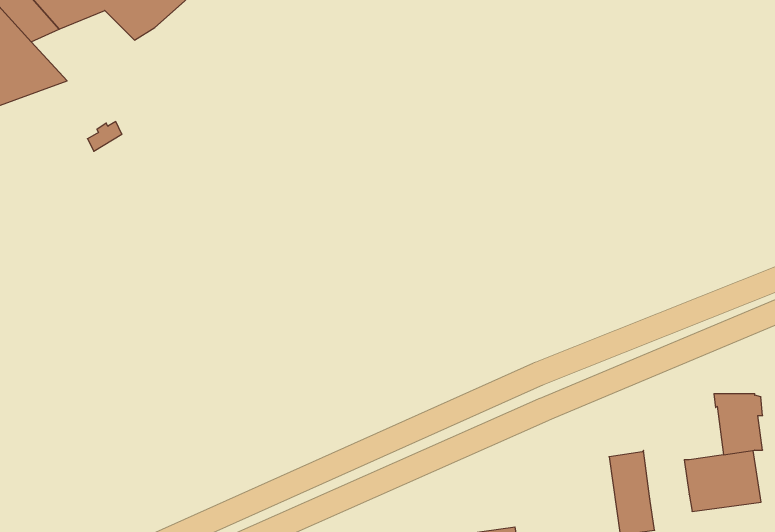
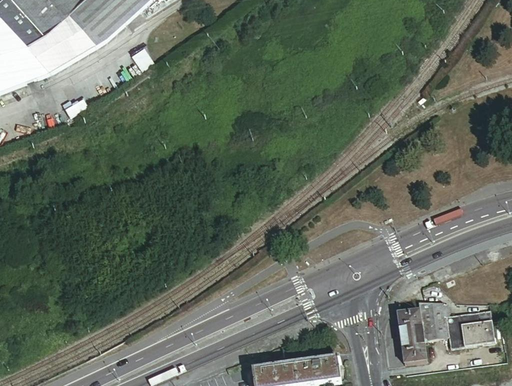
building: none -> [29,28,95,73]
building: [714,394,763,455] -> [418,301,449,340]

